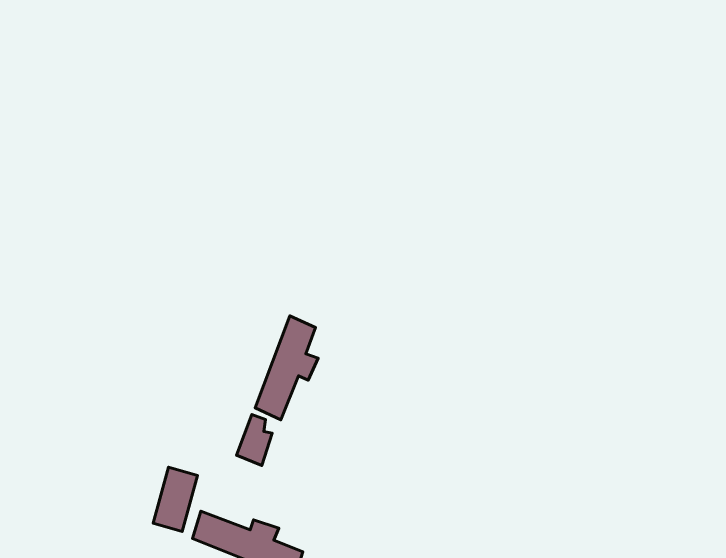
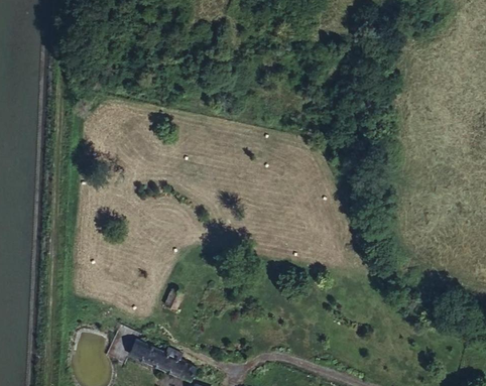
building: [255,316,318,420] -> none

